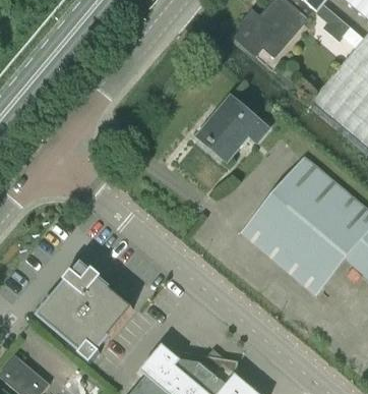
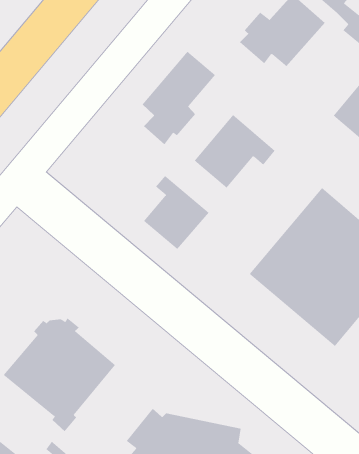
building: none -> [142,51,216,145]
building: none -> [143,175,210,250]

